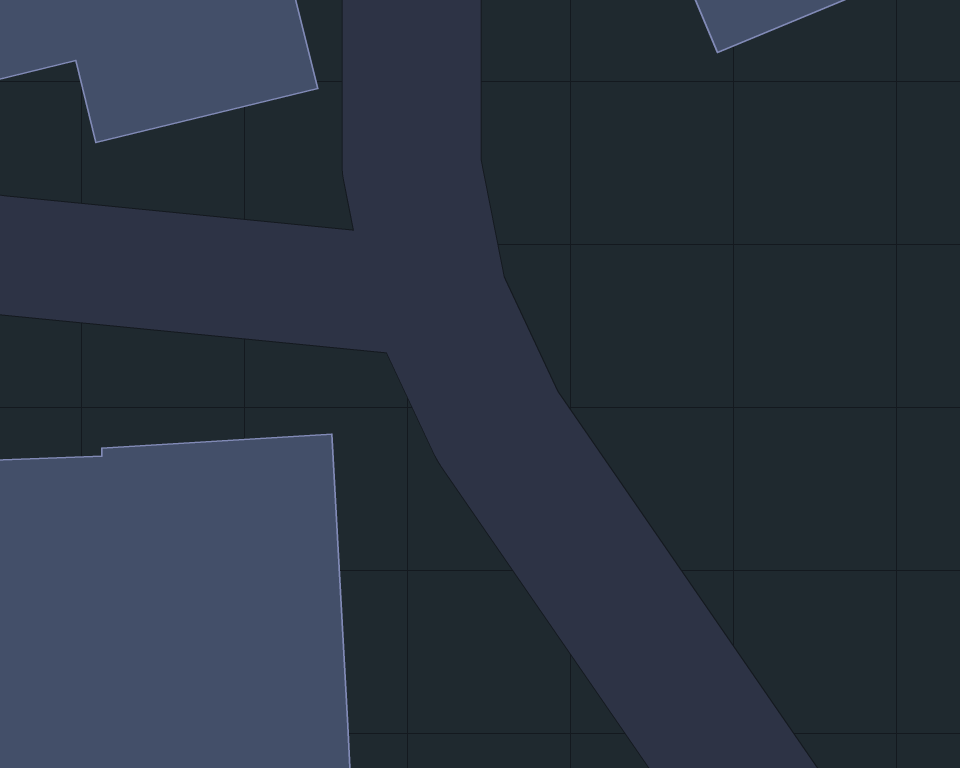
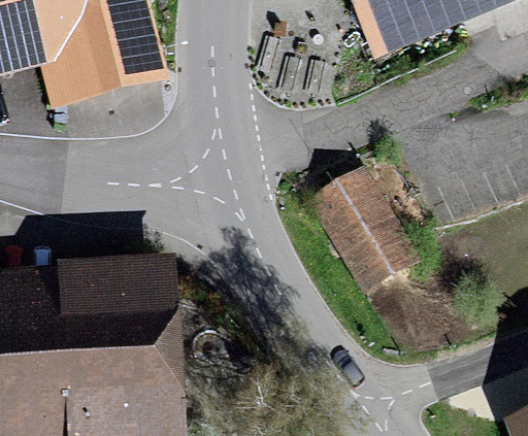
building: none -> [306,162,422,291]

